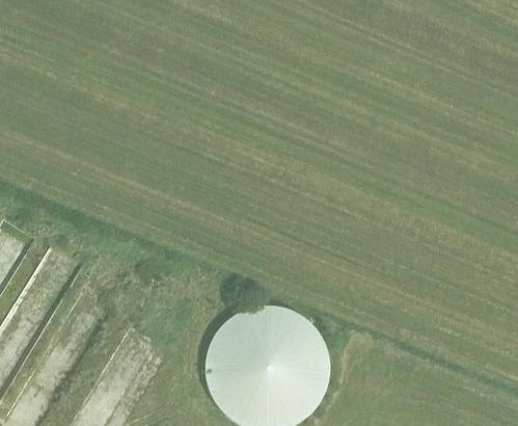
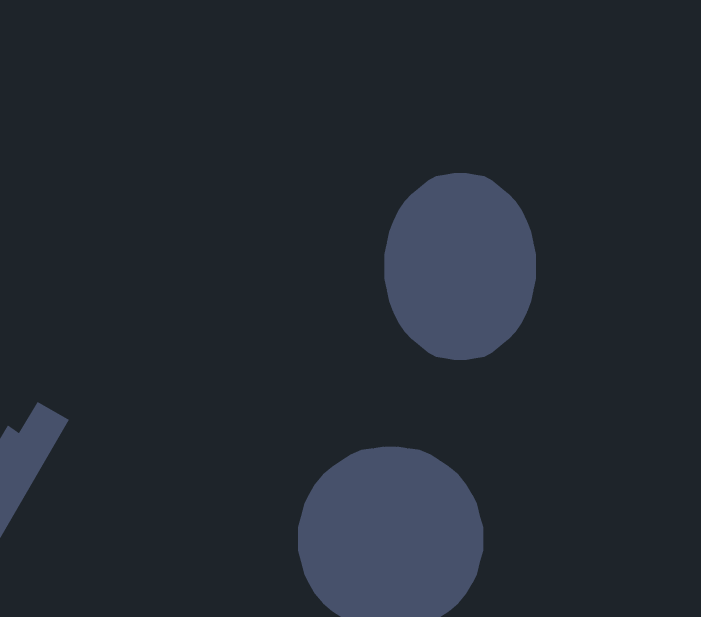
building: none -> [384,172,537,361]

